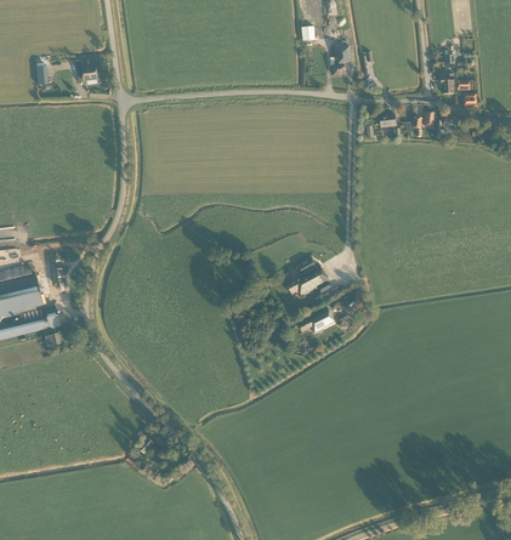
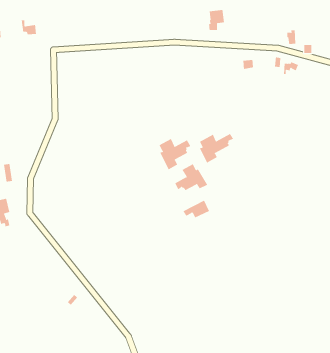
building: none -> [199,133,234,164]
building: none -> [159,138,191,170]

